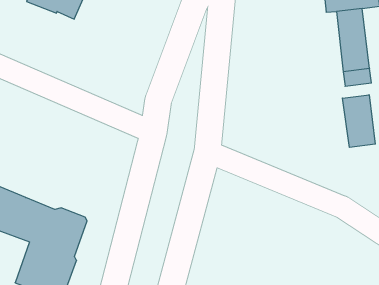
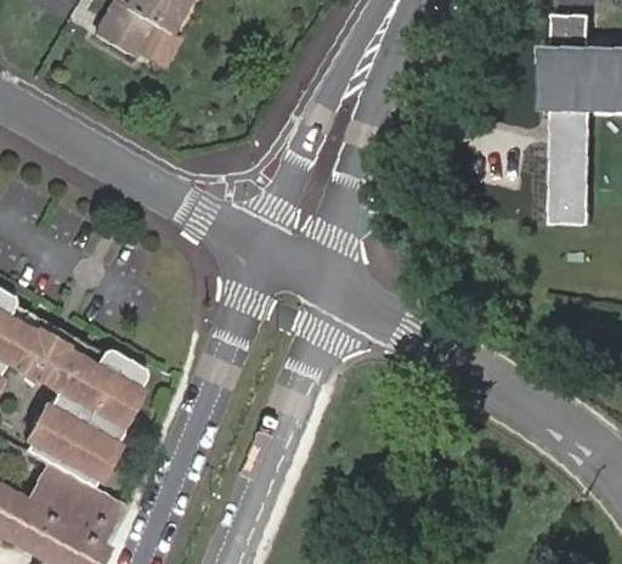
building: [342,95,375,147] -> none

